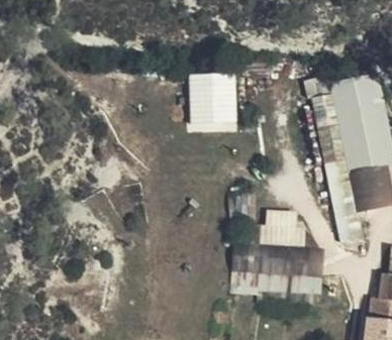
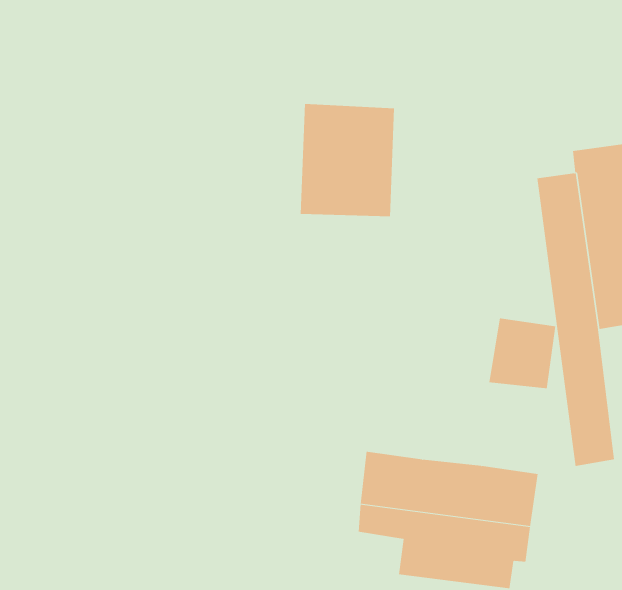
building: [265,212,297,246] -> [489,318,556,389]

